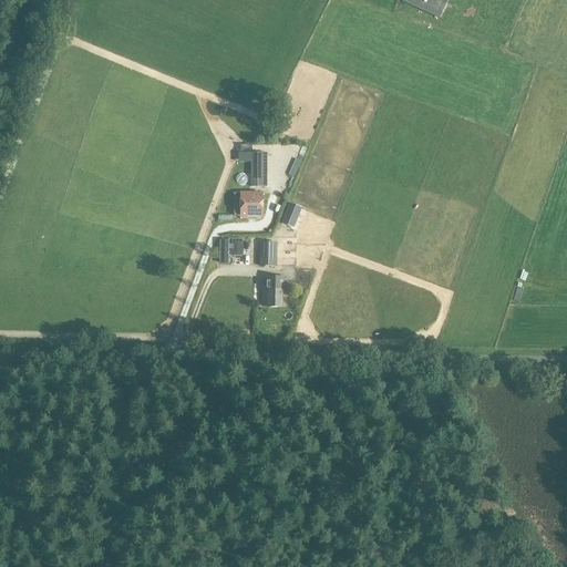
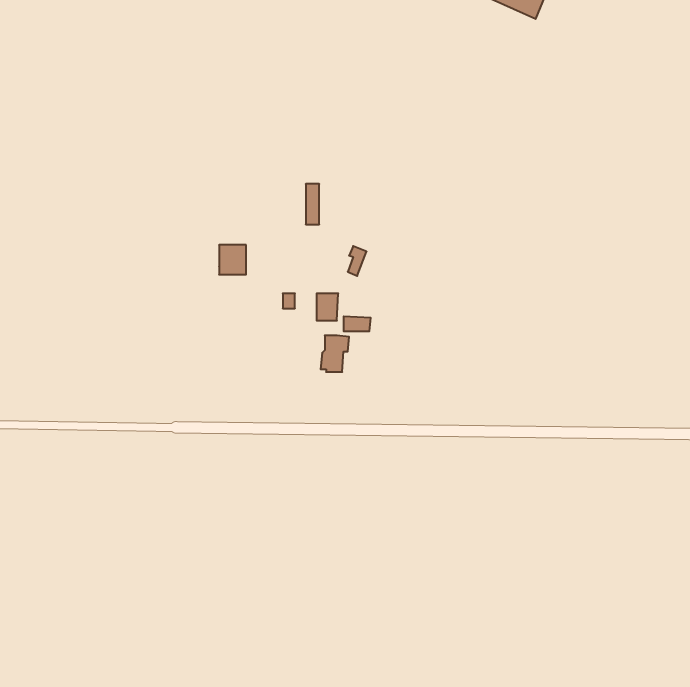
building: [239,190,261,215] -> [219,245,246,275]

